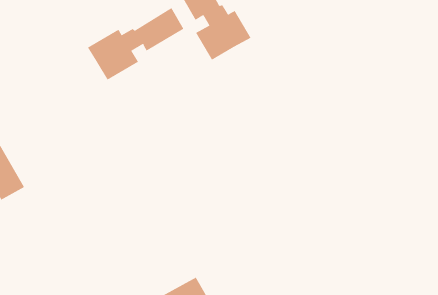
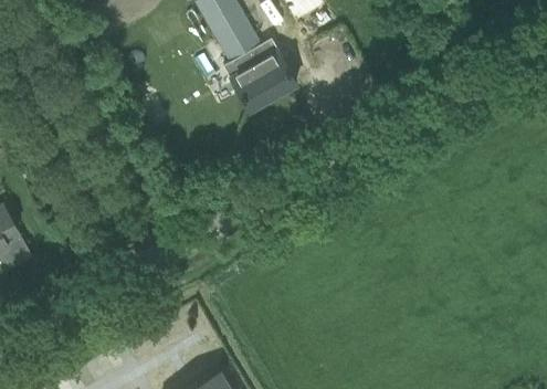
building: [87,7,184,81] -> none

